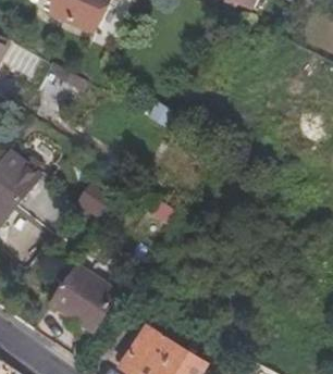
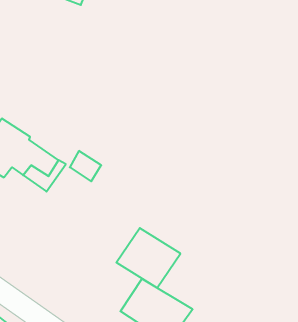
building: [50,269,119,333] -> [116,228,180,288]

